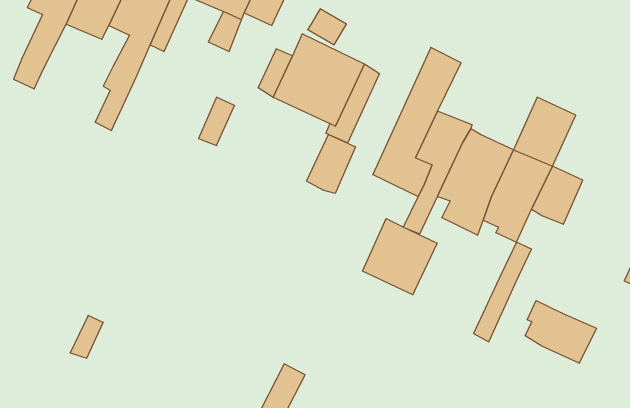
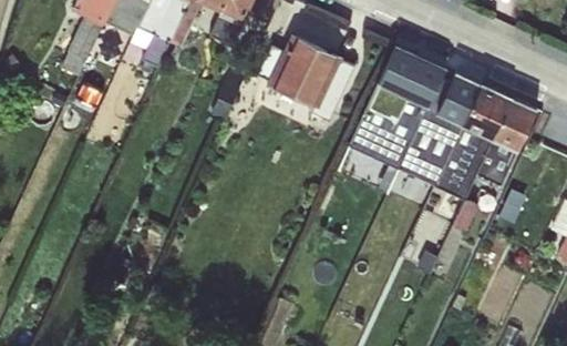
building: none -> [401,57,445,106]
building: none -> [435,73,481,126]
building: none -> [493,99,537,151]
building: [306,134,355,193] -> none
building: [362,219,437,295] -> none
building: [525,301,596,363] -> none

